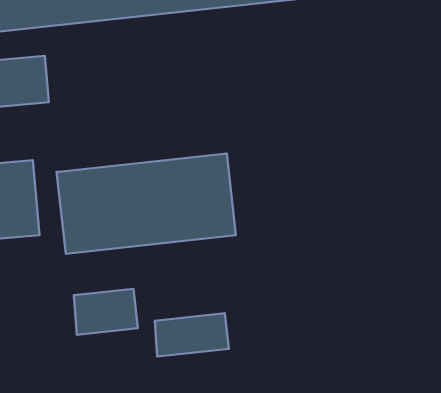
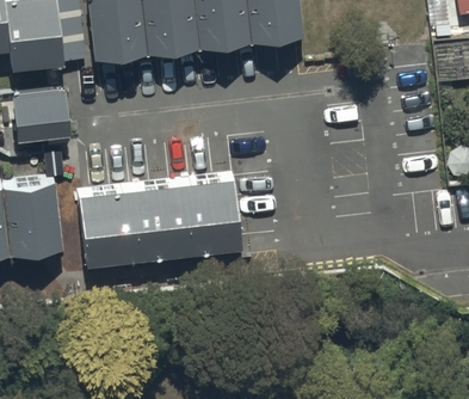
building: [74,289,138,335] -> none
building: [155,313,229,356] -> none

